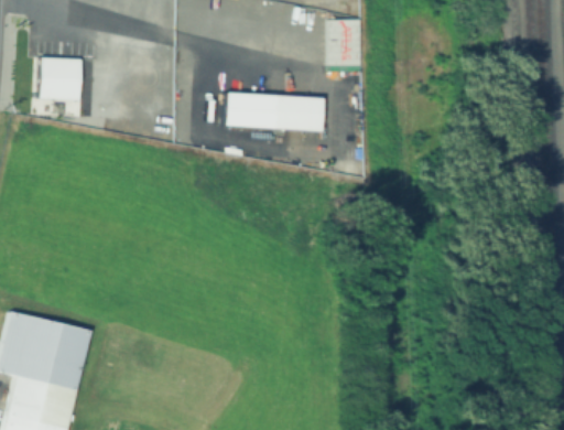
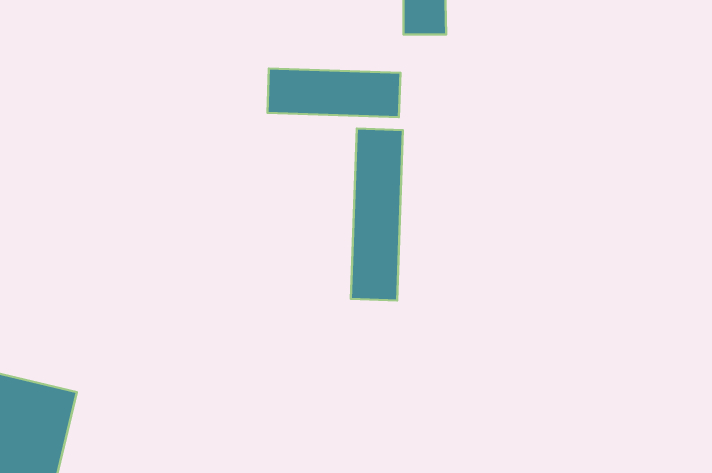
building: [36,60,79,103] -> none
building: none -> [351,129,403,300]

